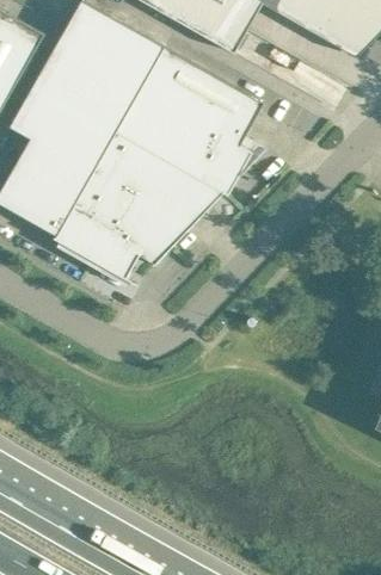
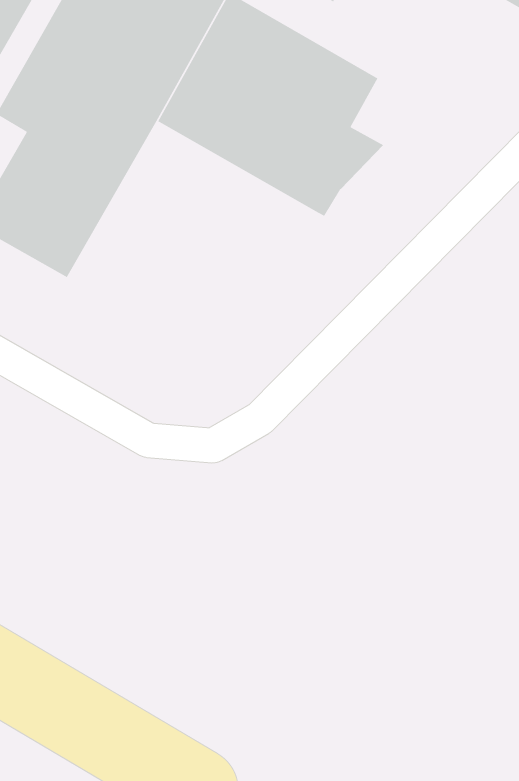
building: [53,131,221,286] -> none

